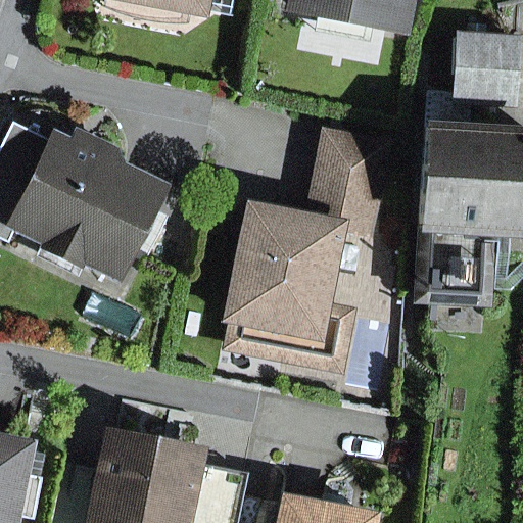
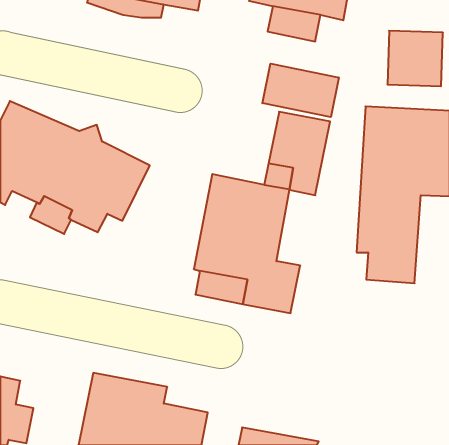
building: none -> [262,64,339,117]

